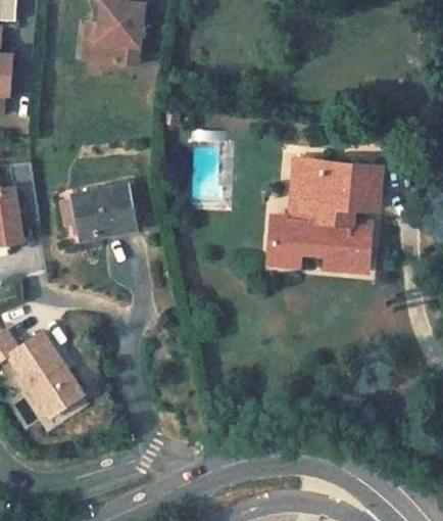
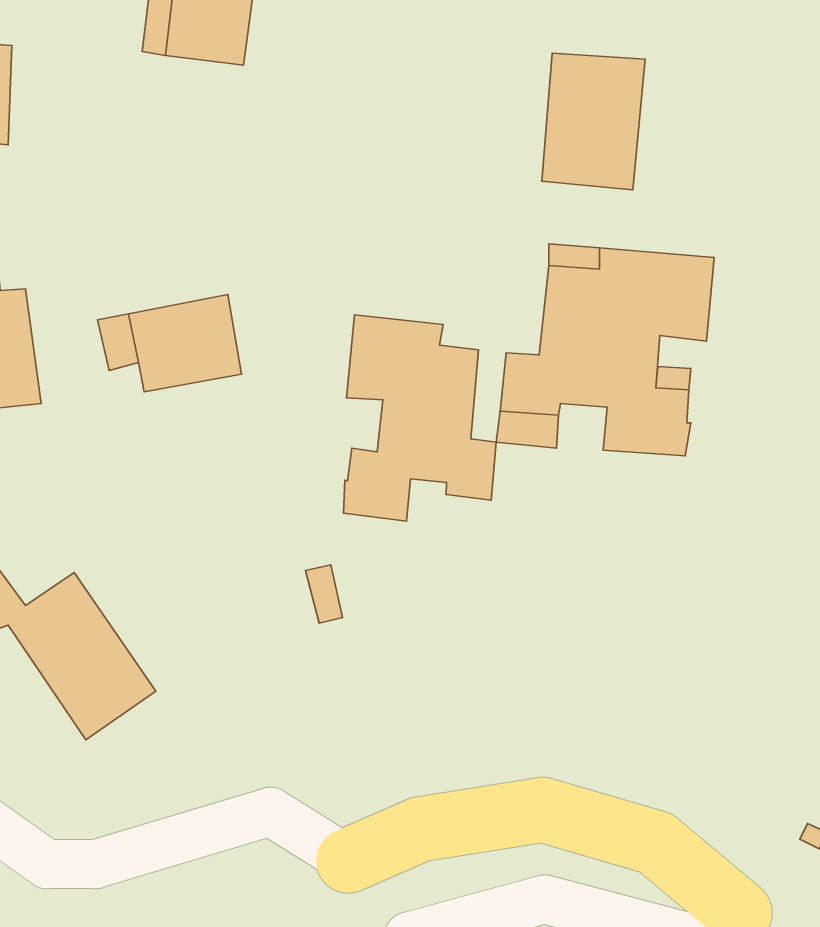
building: none -> [542,53,645,190]
building: none -> [344,315,496,521]

